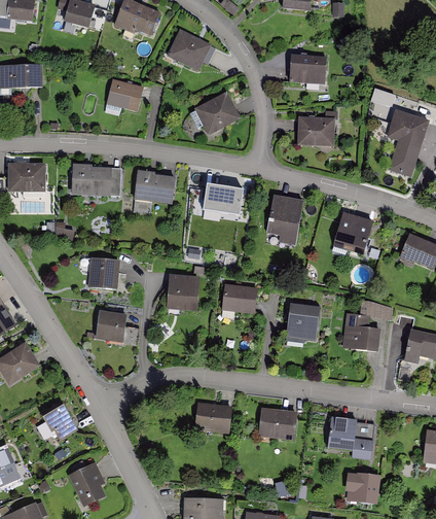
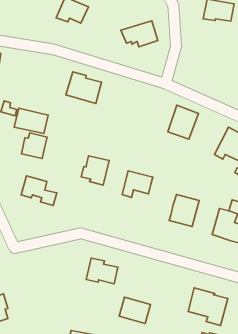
building: [300,116,334,143] -> none
building: [72,165,112,192] -> [14,108,48,133]
building: [197,181,240,214] -> none
building: [259,408,296,437] -> [119,297,151,323]

